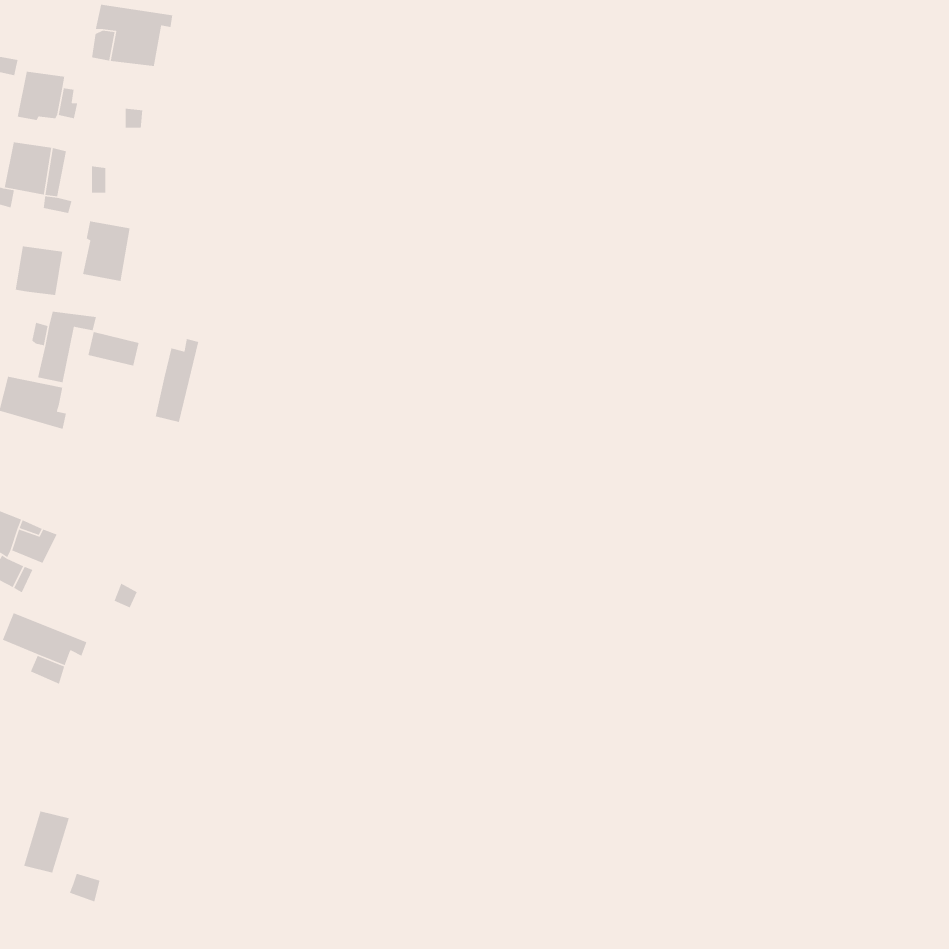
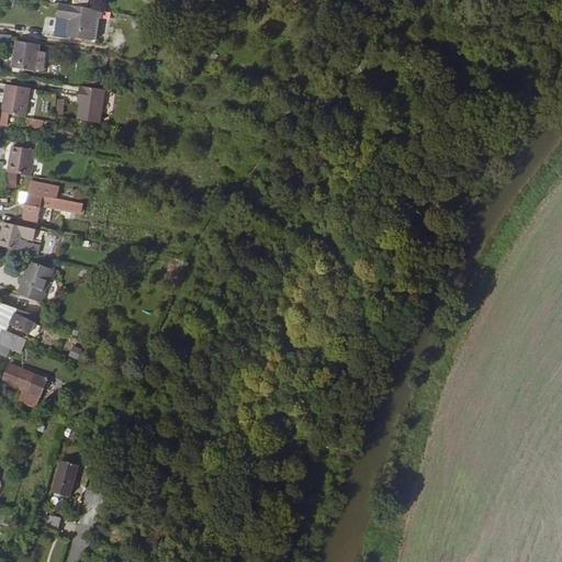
building: [82,220,130,282] -> [75,85,103,121]
building: [155,338,199,423] -> none
building: none -> [16,260,52,300]
building: [23,810,70,874] -> [50,461,78,498]

